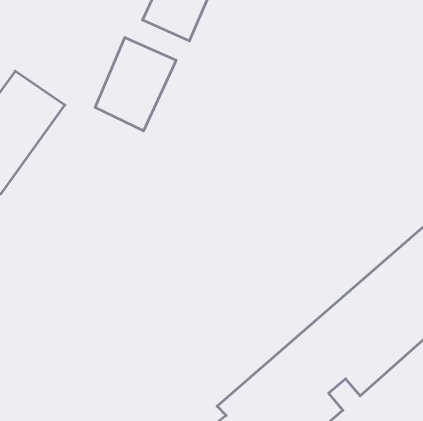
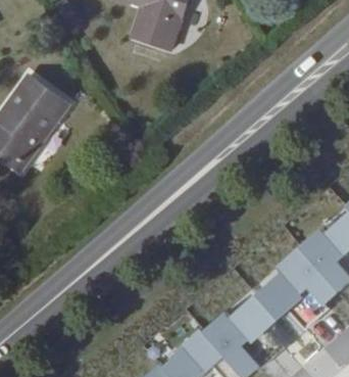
building: [95,37,176,131] -> none

